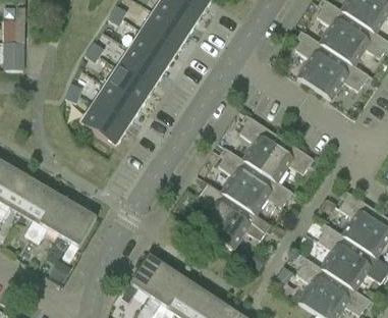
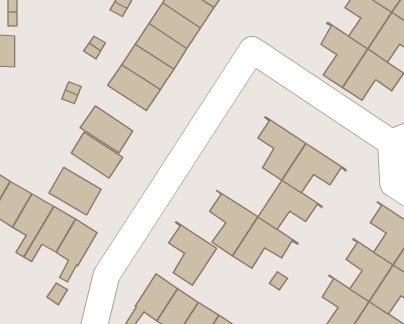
building: [94,86,140,126] -> [71,132,123,178]
building: [217,147,260,203] -> [169,222,217,285]
building: none -> [49,167,101,215]

